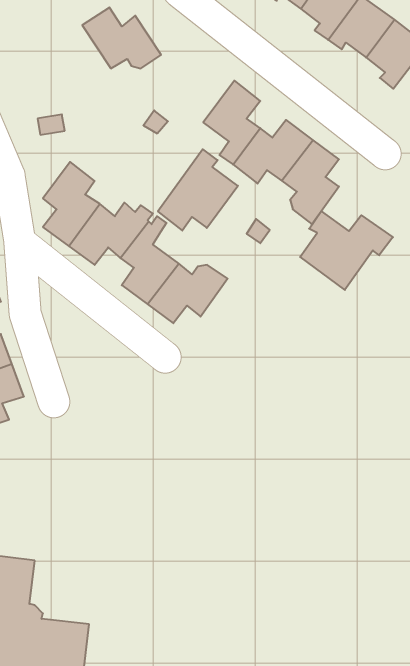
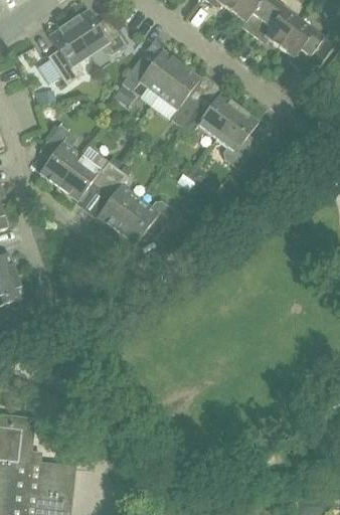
building: none -> [47,22,90,84]
building: [158,149,238,231] -> [122,36,181,97]
building: [300,211,393,290] -> none

